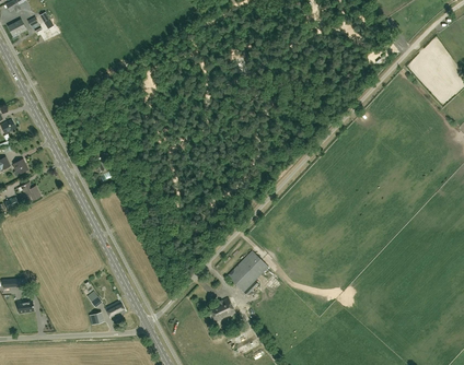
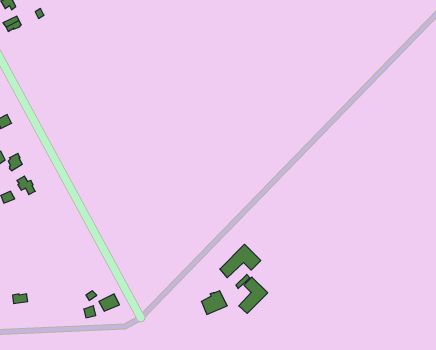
building: none -> [239,277,268,313]

